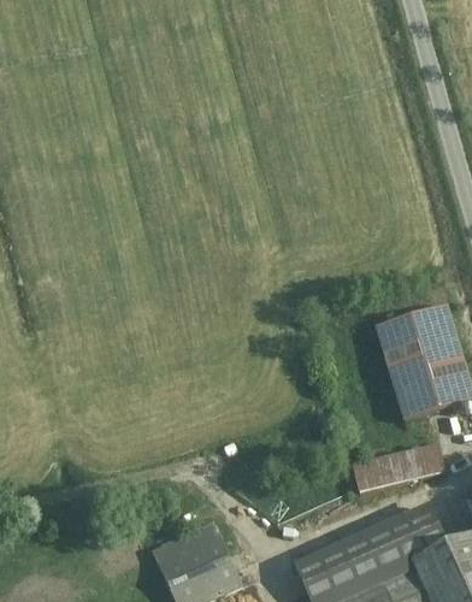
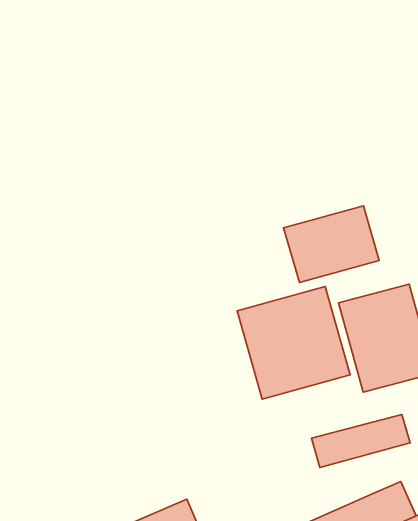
building: none -> [284,206,379,283]
building: none -> [237,286,350,399]

